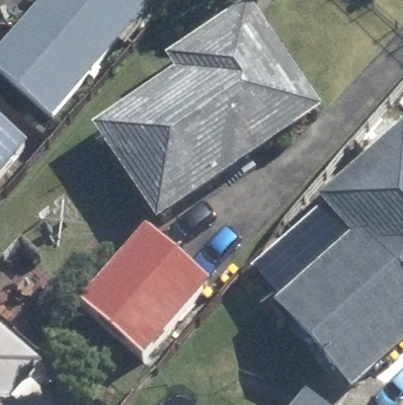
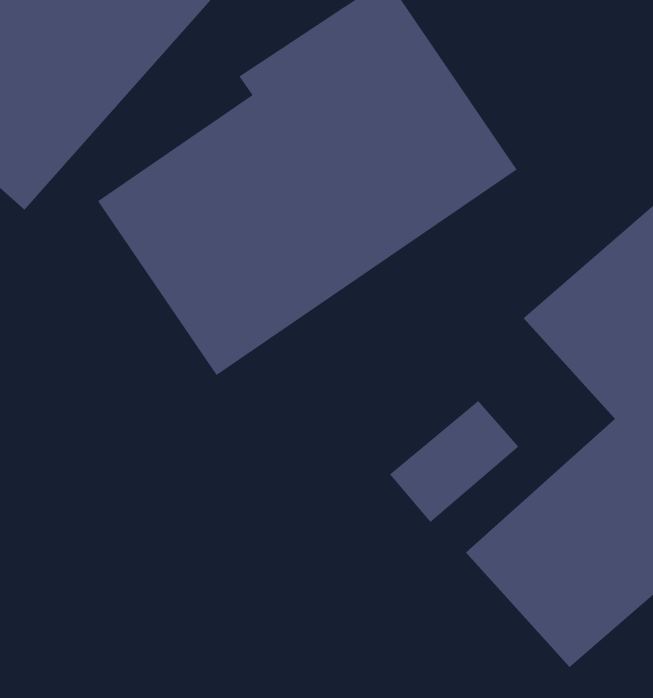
building: [76,218,206,348] -> none

